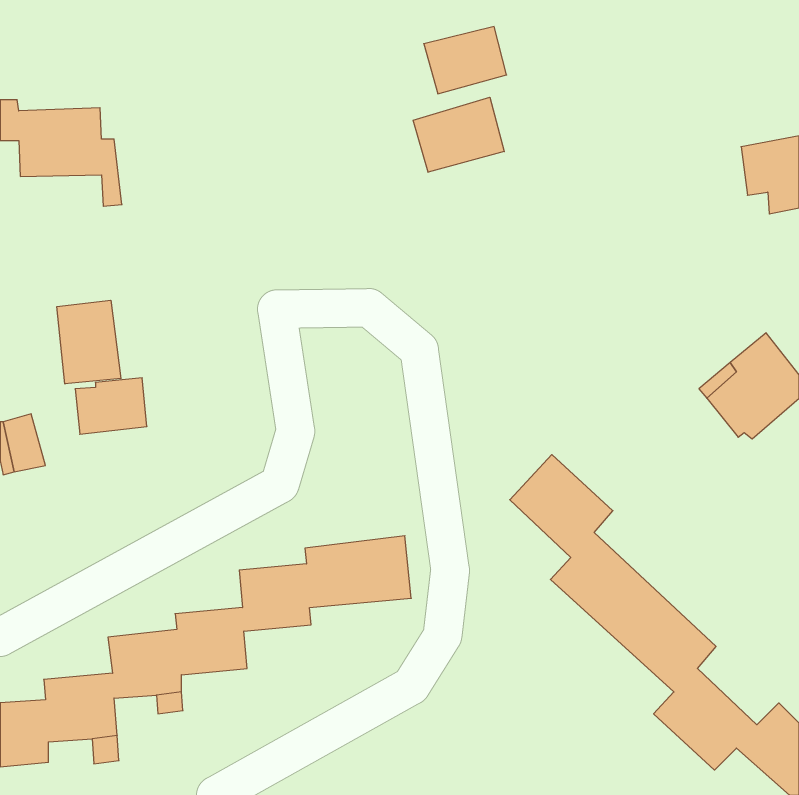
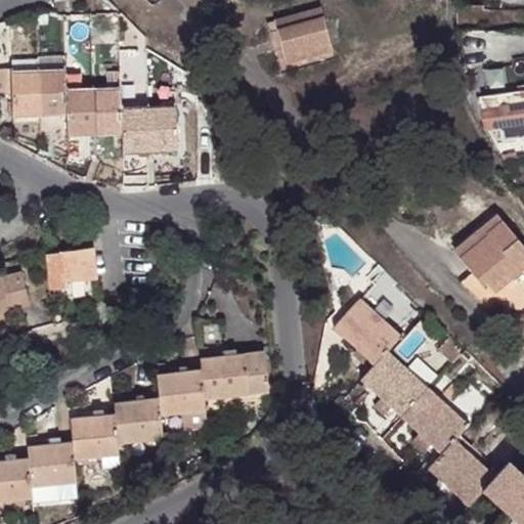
building: [413,97,504,172] -> none
building: none -> [75,89,176,152]
building: [57,300,121,384] -> none

